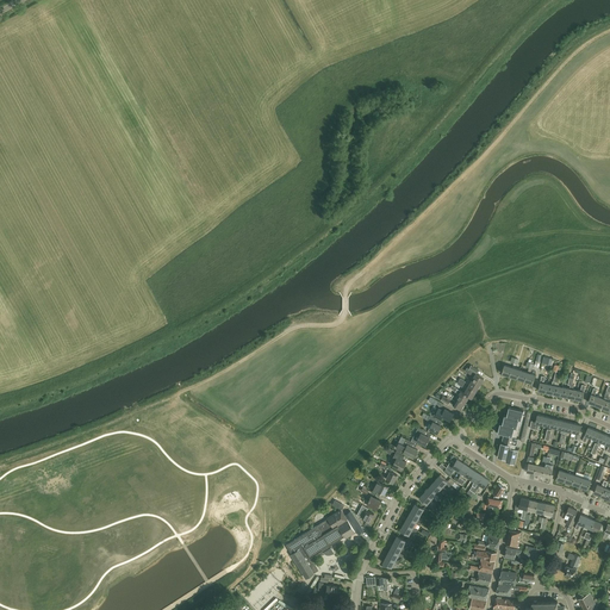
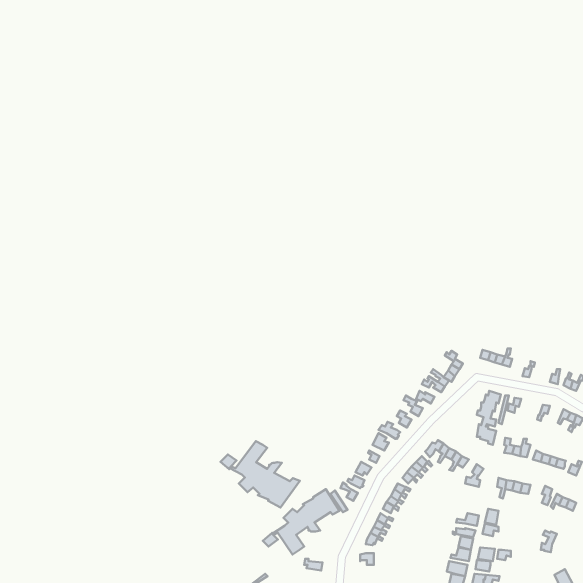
building: none -> [220,441,300,507]

